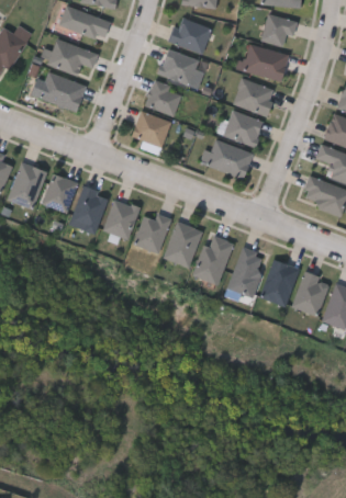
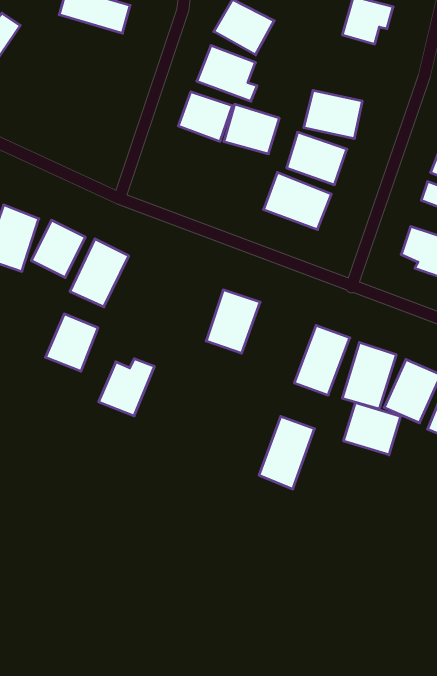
building: [46,38,97,75] -> none
building: [243,44,289,81] -> none
building: [38,72,86,111] -> none
building: [131,111,170,146] -> [224,104,279,154]
building: [101,199,138,239] -> [45,314,98,371]
building: [132,213,171,253] -> [99,359,154,416]
building: [193,234,233,285] -> [259,416,315,489]
building: none -> [344,402,401,455]

